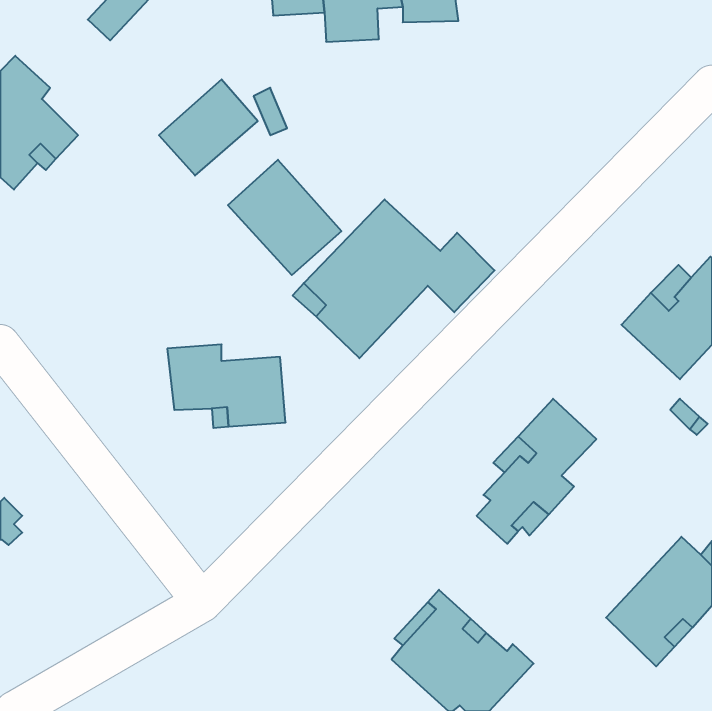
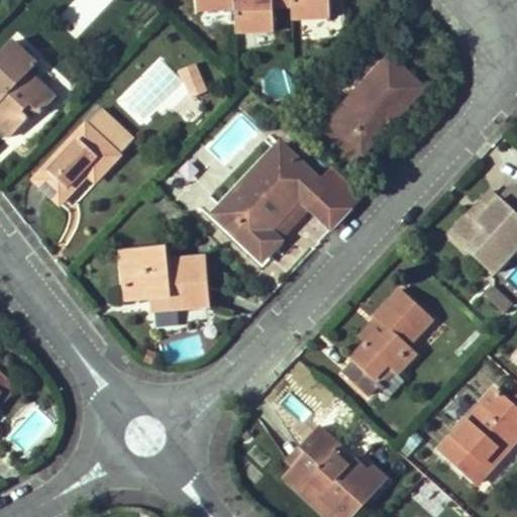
building: none -> [316,57,423,167]
building: none -> [33,108,134,205]
building: [228,160,341,275] -> none

